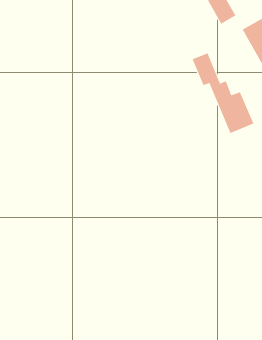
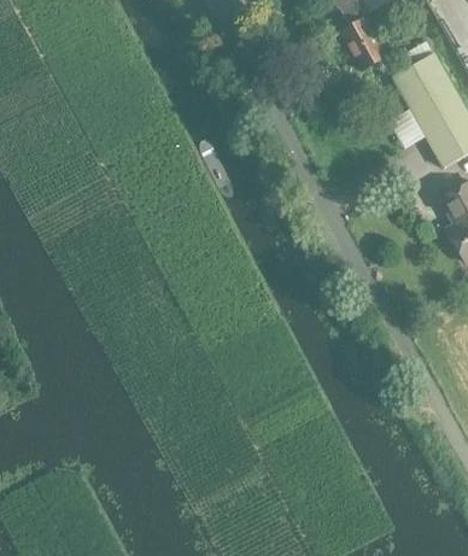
building: [192,53,254,134] -> none

